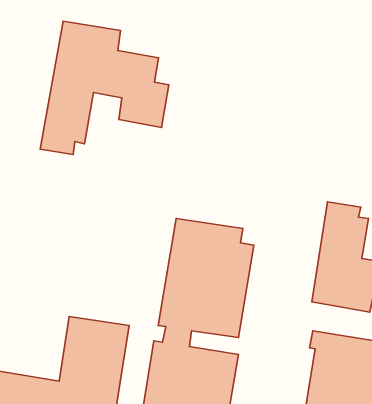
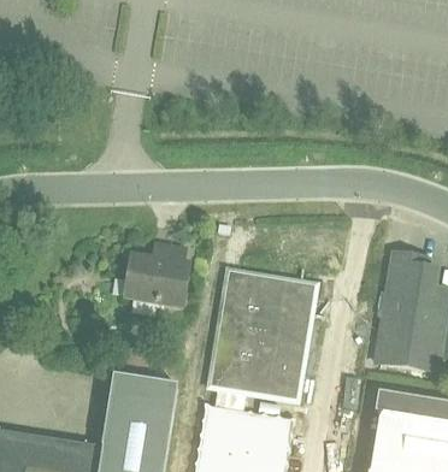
building: [40,21,169,155] -> none
building: none -> [125,243,189,305]

